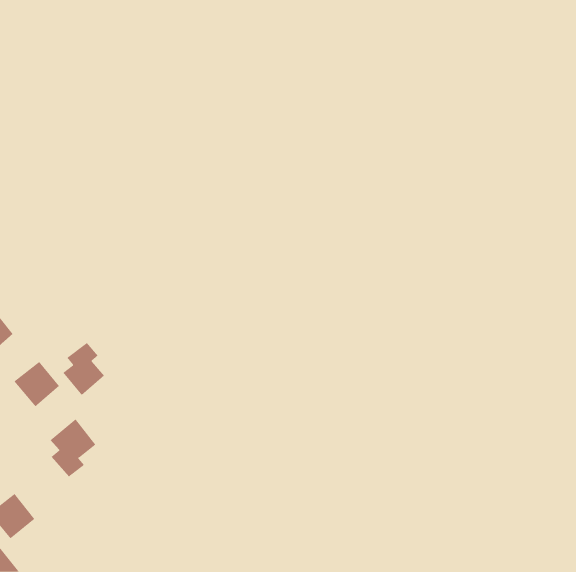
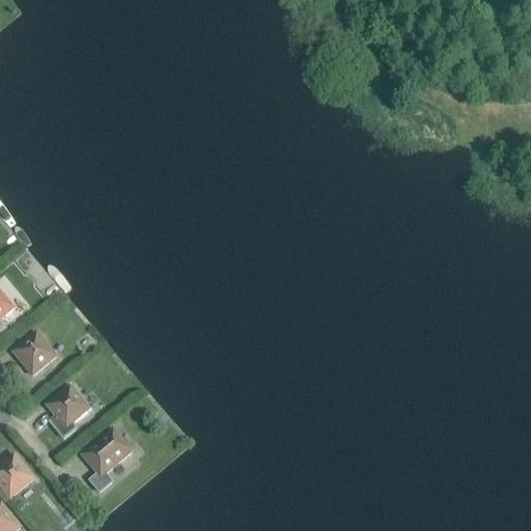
building: [62,342,105,396] -> none
building: none -> [81,428,131,493]

